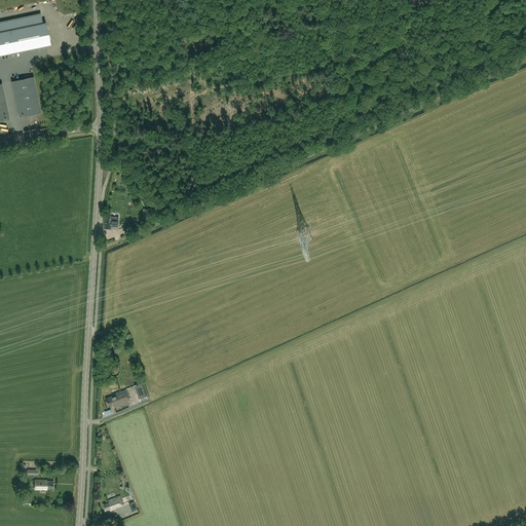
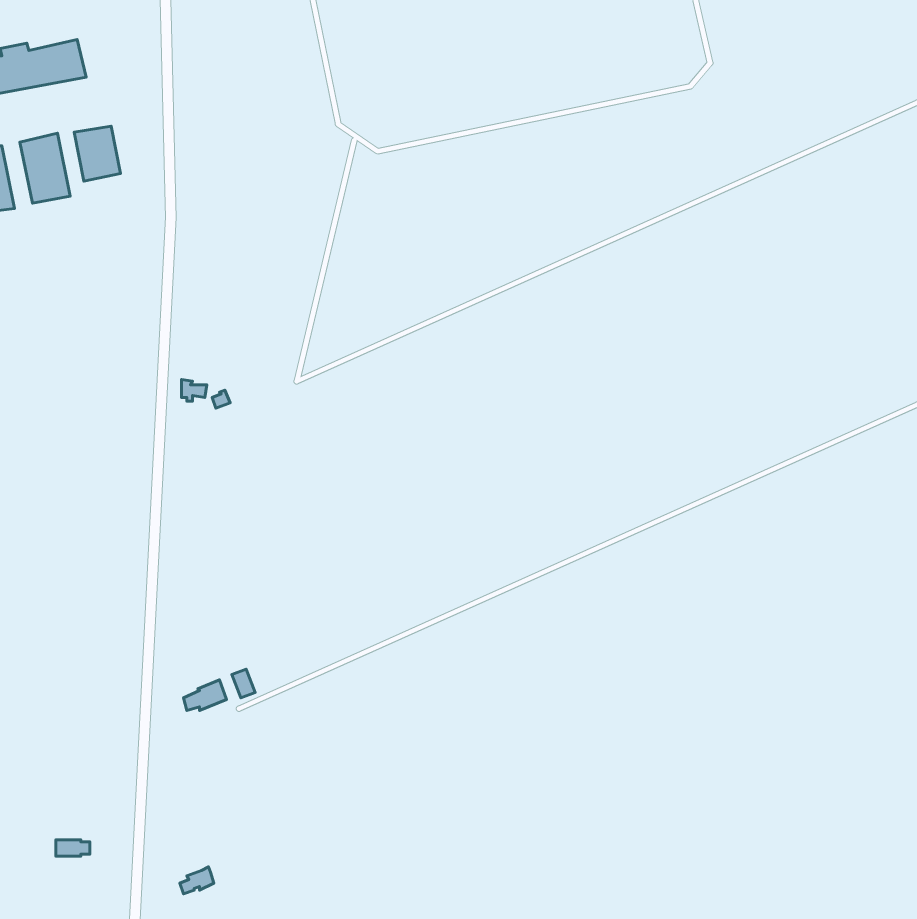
building: none -> [74,126,120,181]

